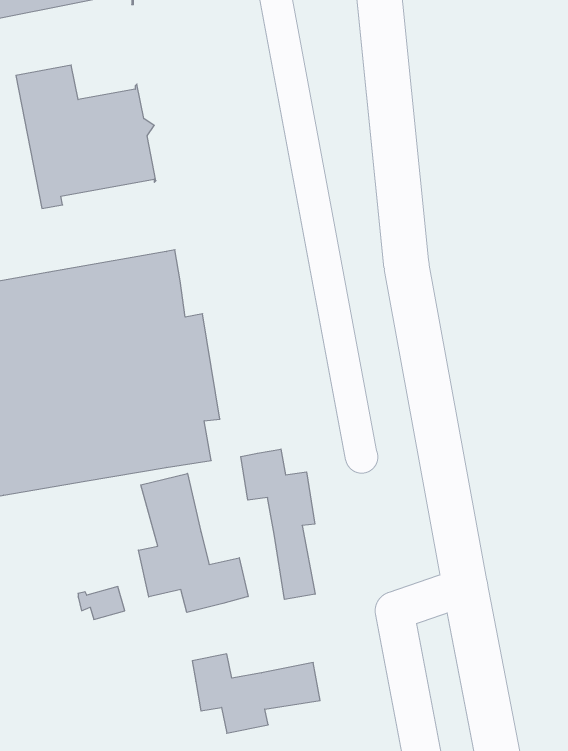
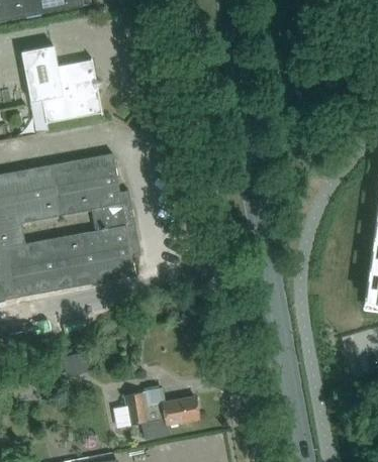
building: [241,449,315,599] -> none
building: [138,473,248,612] -> none

